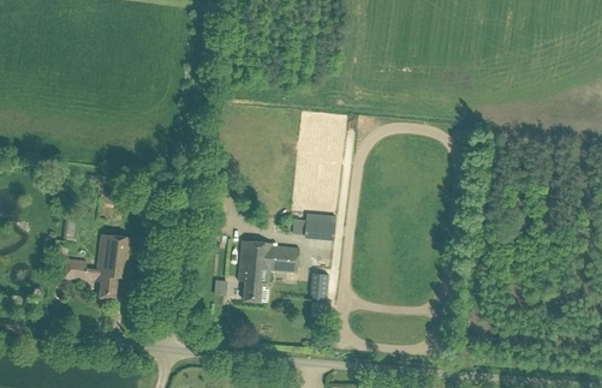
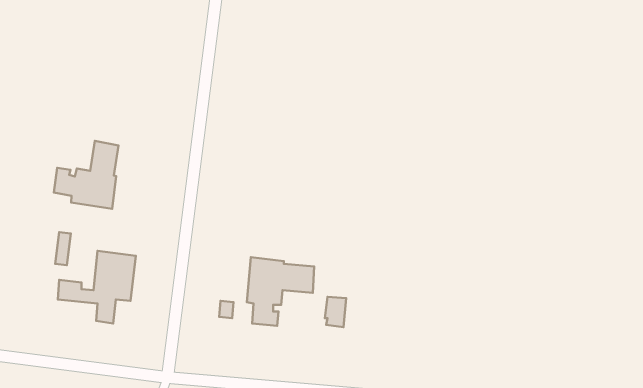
building: none -> [54,141,119,209]
building: [291,219,333,239] -> none

